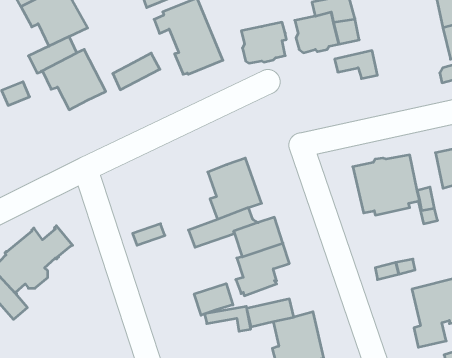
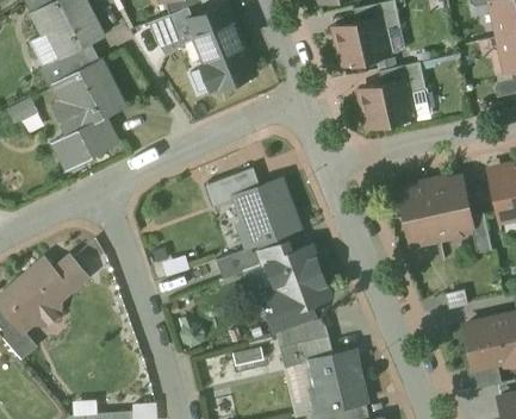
building: [241,22,286,63] -> [359,81,409,126]
building: [113,53,160,90] -> [61,117,113,157]
building: none -> [206,170,259,206]
building: [194,284,233,315] -> none

